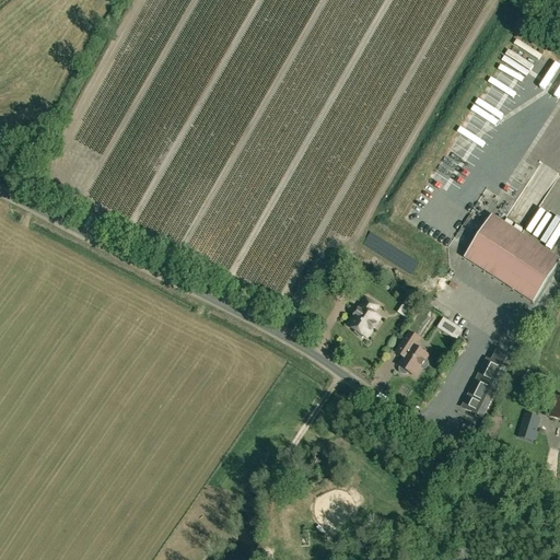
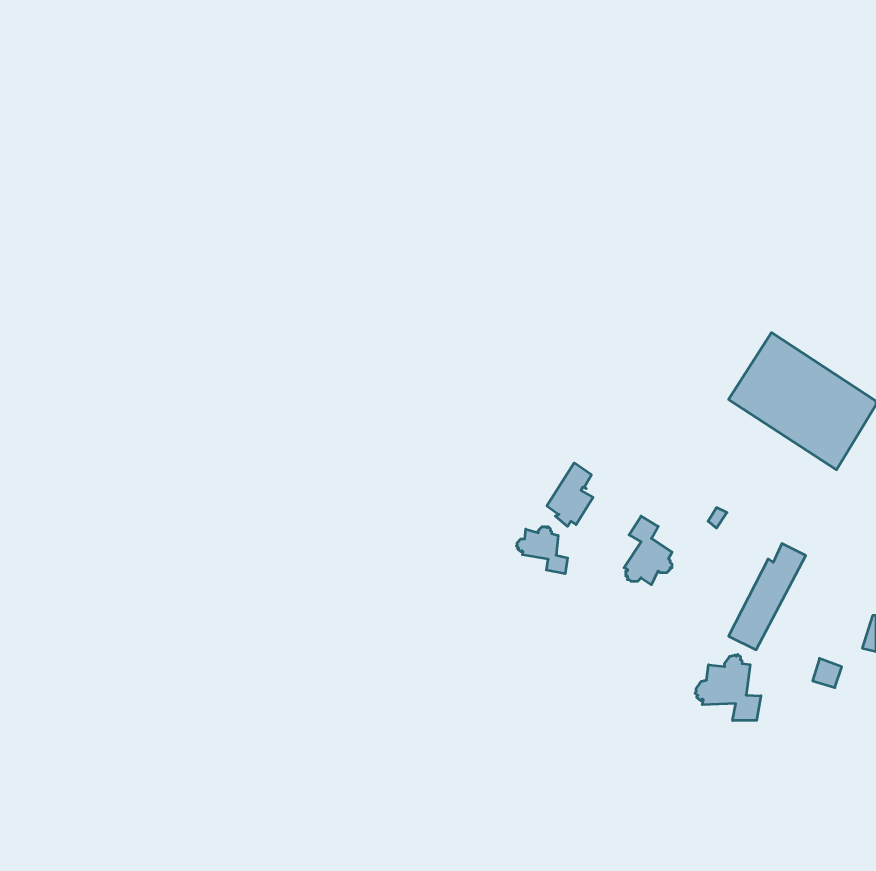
building: none -> [516,527,568,574]
building: none -> [695,654,761,721]

